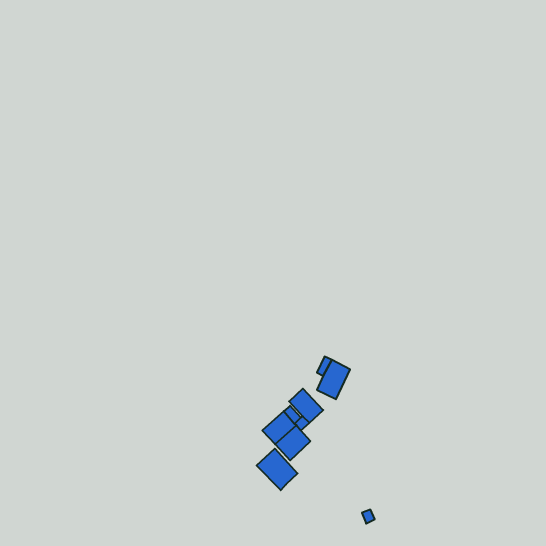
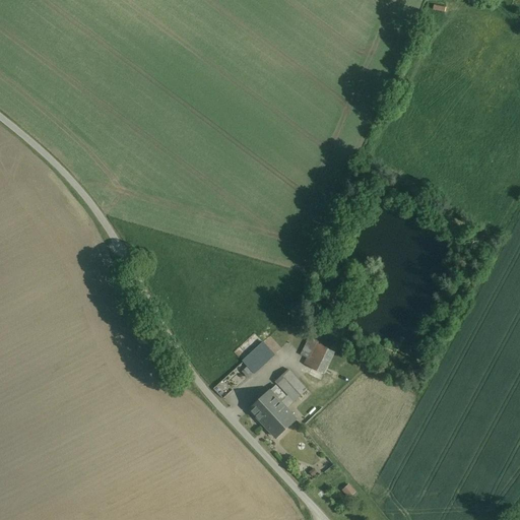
building: none -> [242,341,273,373]
building: [257,449,298,490] -> none

